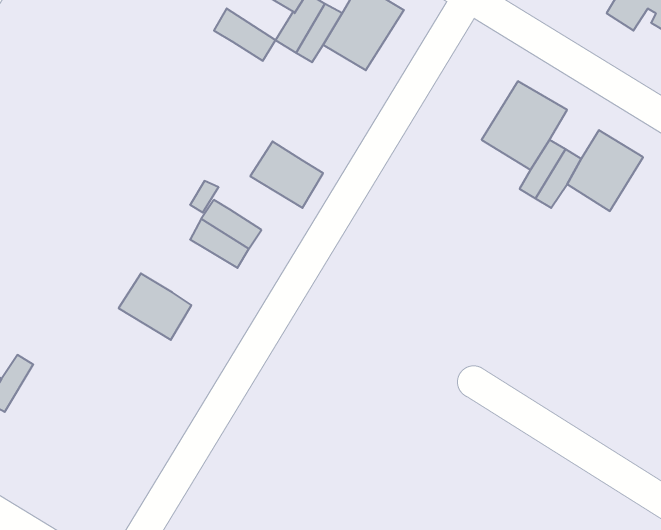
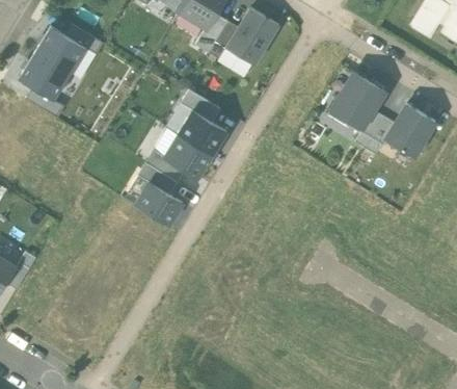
building: [214,8,276,61] -> [181,89,221,124]
building: none -> [19,26,86,100]
building: none -> [165,134,213,177]
building: [119,273,191,340] -> [135,182,183,226]

